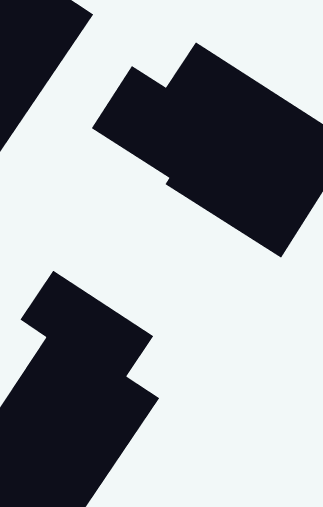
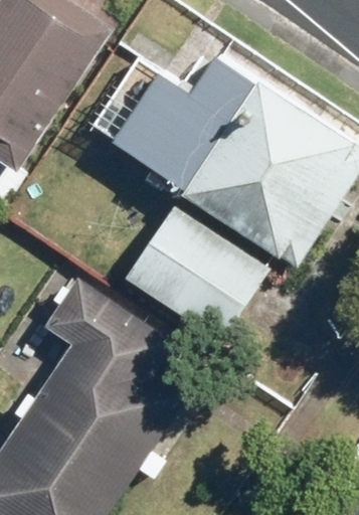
building: none -> [120,203,268,344]

